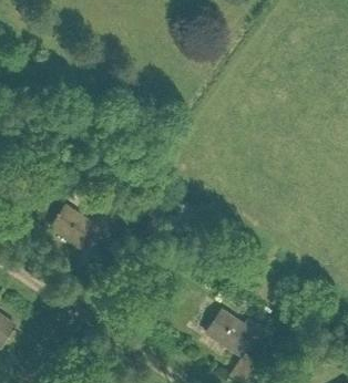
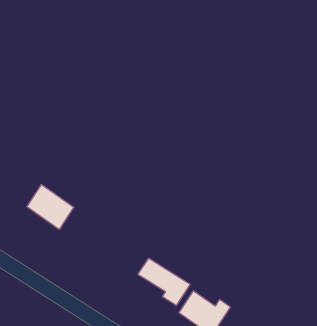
building: none -> [138,258,190,306]

